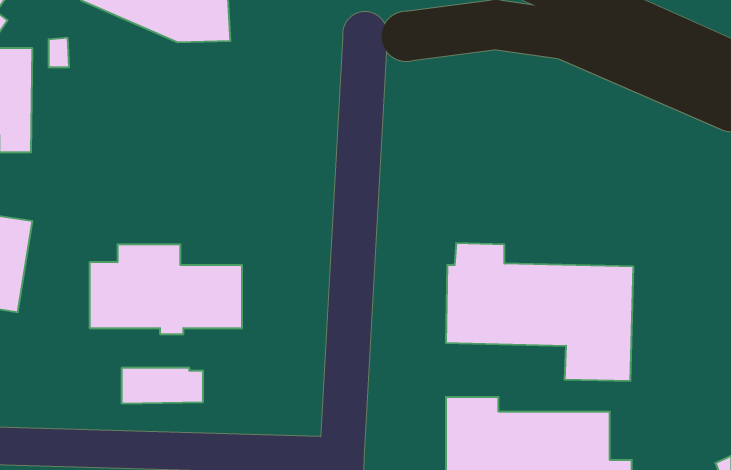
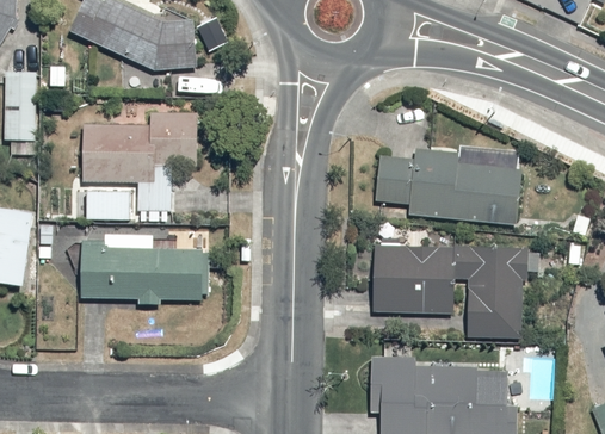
building: none -> [85,112,195,221]
building: none -> [377,142,523,227]
building: [122,368,203,404] -> none

